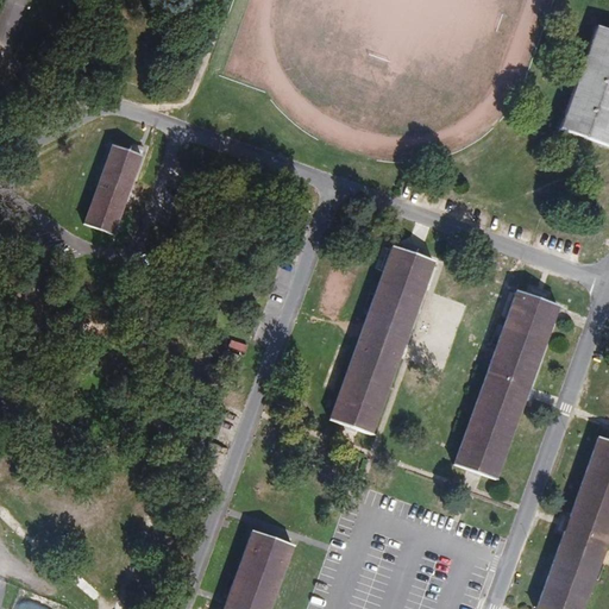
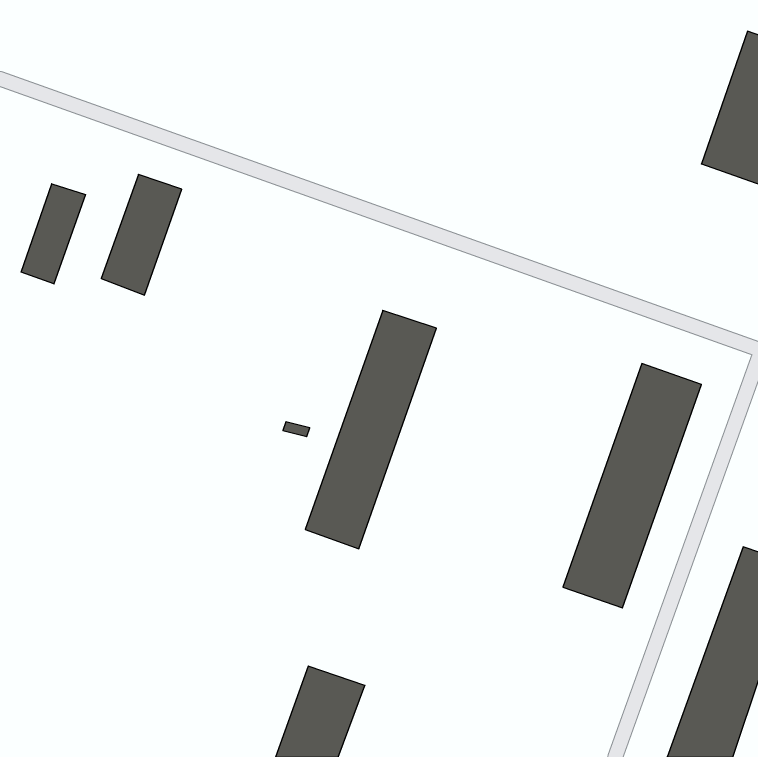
building: none -> [21,184,85,284]
building: [329,246,434,437] -> [305,310,436,549]

